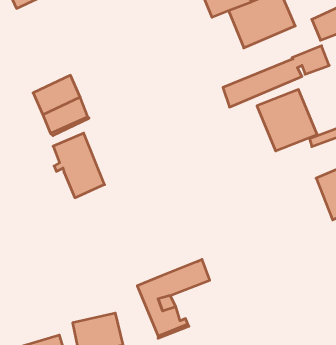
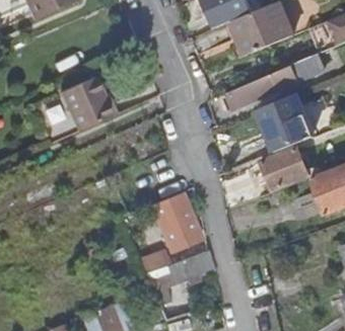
building: [53,133,105,198] -> [153,193,201,253]
building: none -> [262,146,309,188]

